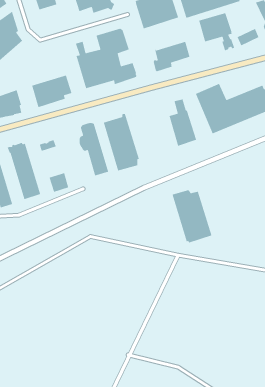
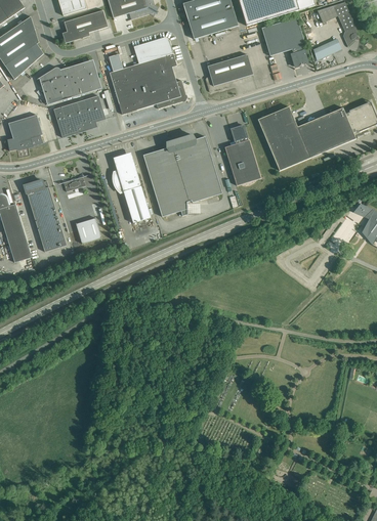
building: none -> [61,9,108,43]
building: none -> [36,59,101,104]
building: [172,189,213,244] -> [170,134,221,203]

